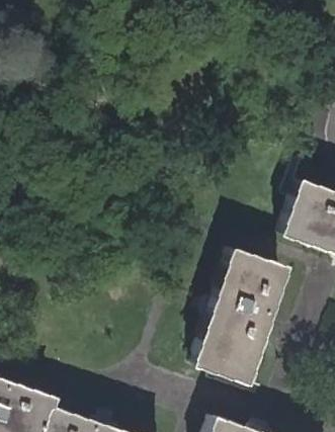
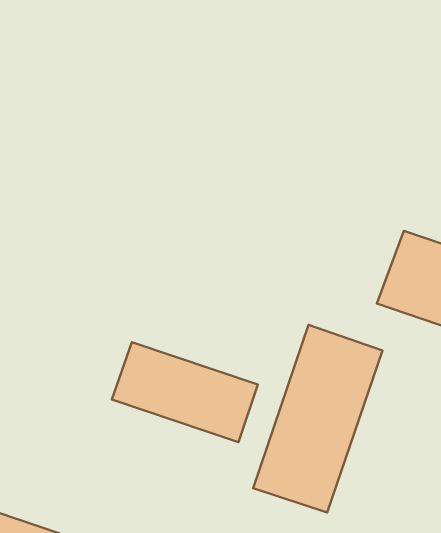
building: none -> [112,342,258,442]

